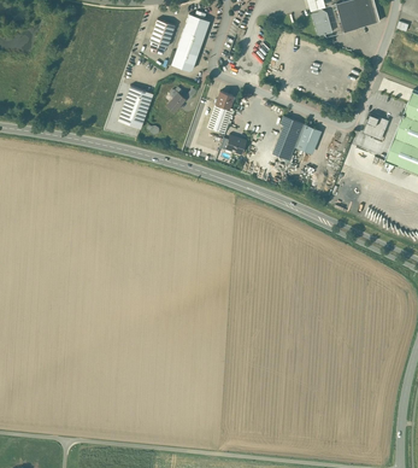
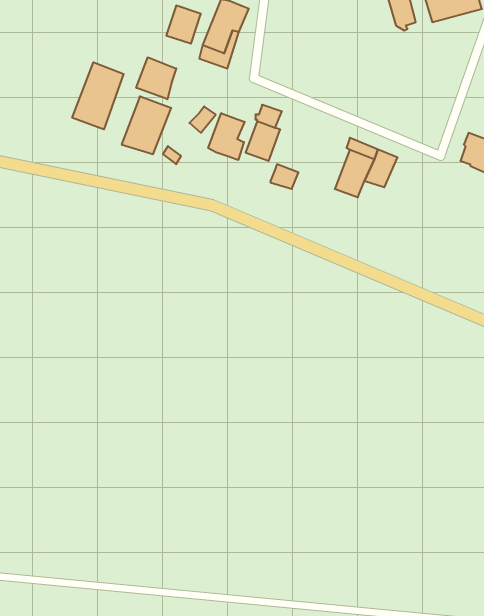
building: none -> [136,57,176,99]
building: none -> [72,62,124,129]
building: none -> [208,113,245,160]

